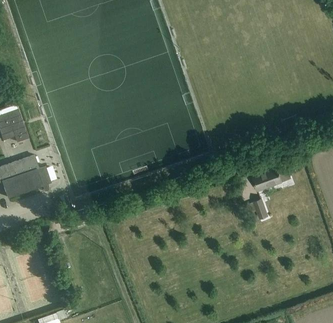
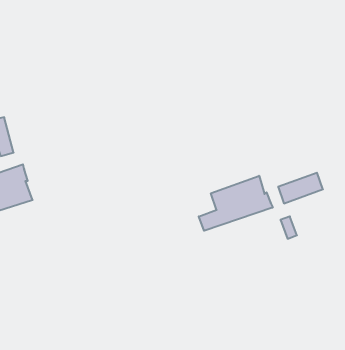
building: none -> [199,176,273,231]

